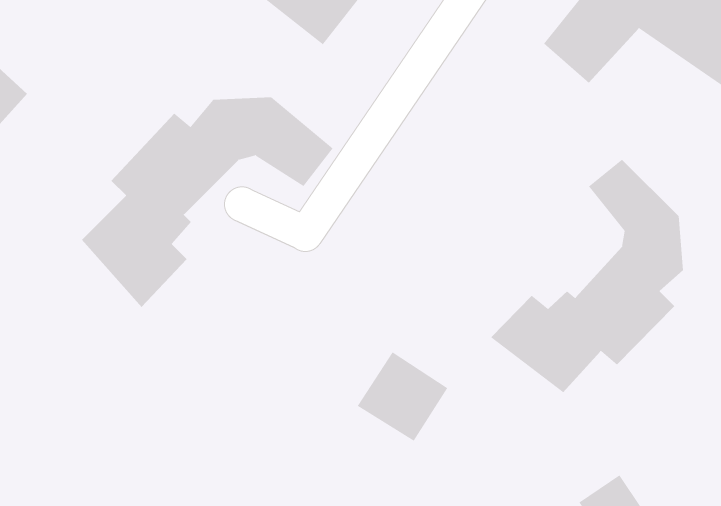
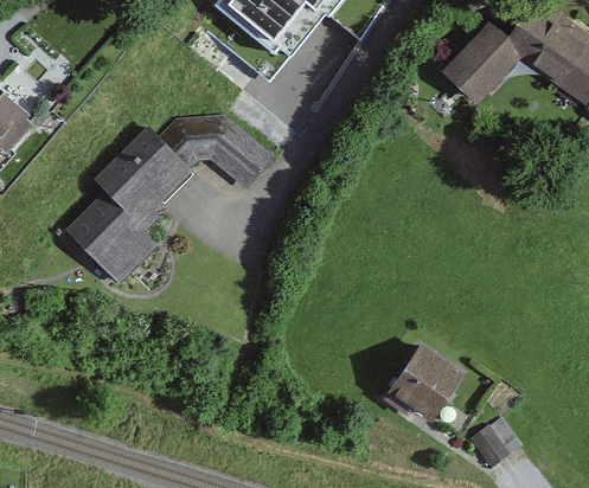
building: [490,159,683,393] -> none
building: [357,351,448,441] -> [391,343,465,416]

